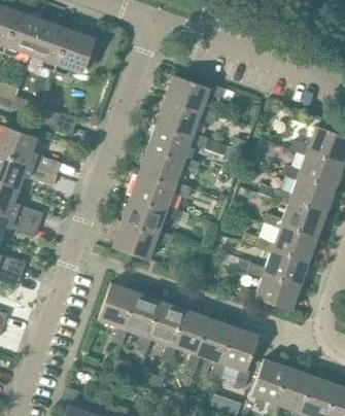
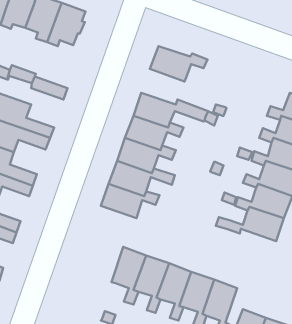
building: [156,100,218,138] -> none
building: [239,272,301,311] -> none
building: [98,283,136,345] -> none

